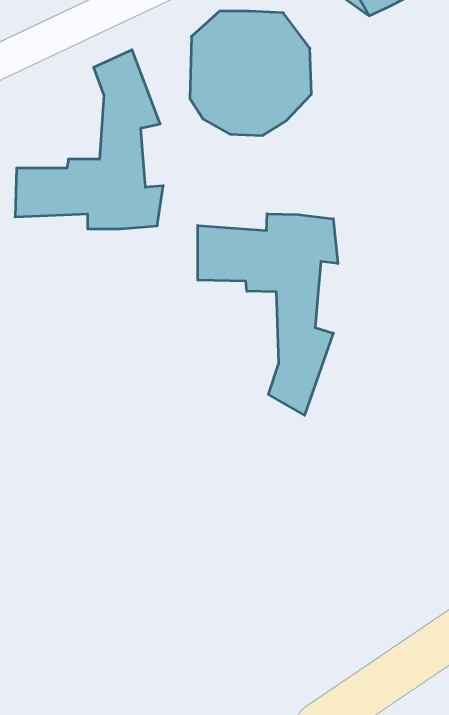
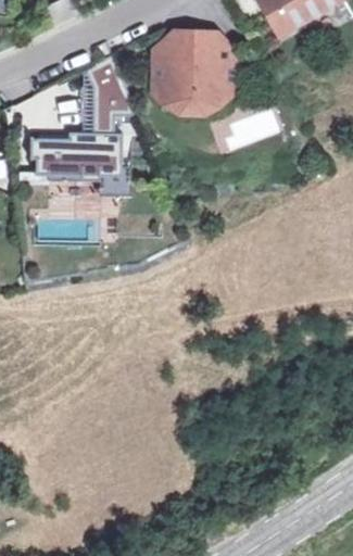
building: [198,214,338,415] -> none

